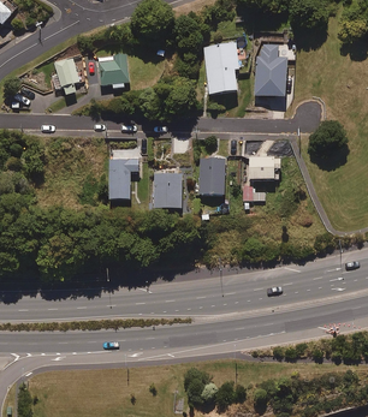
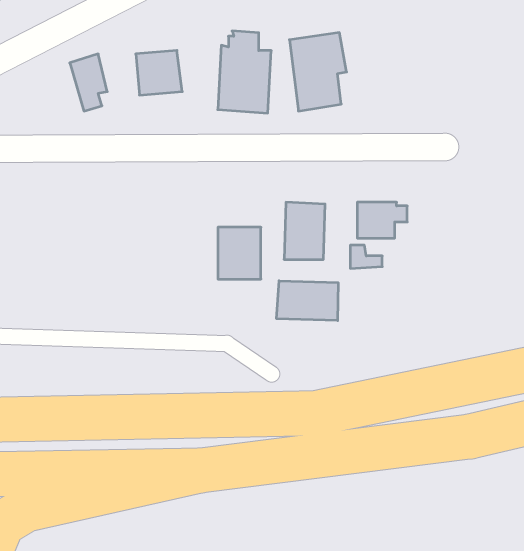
building: [251,43,287,99] -> [218,31,271,113]
building: [107,157,137,199] -> none
building: none -> [277,281,338,321]

